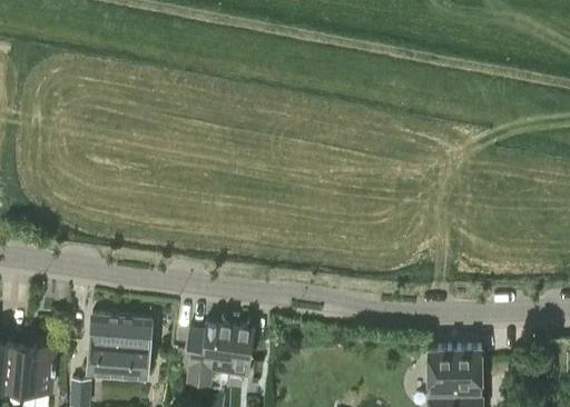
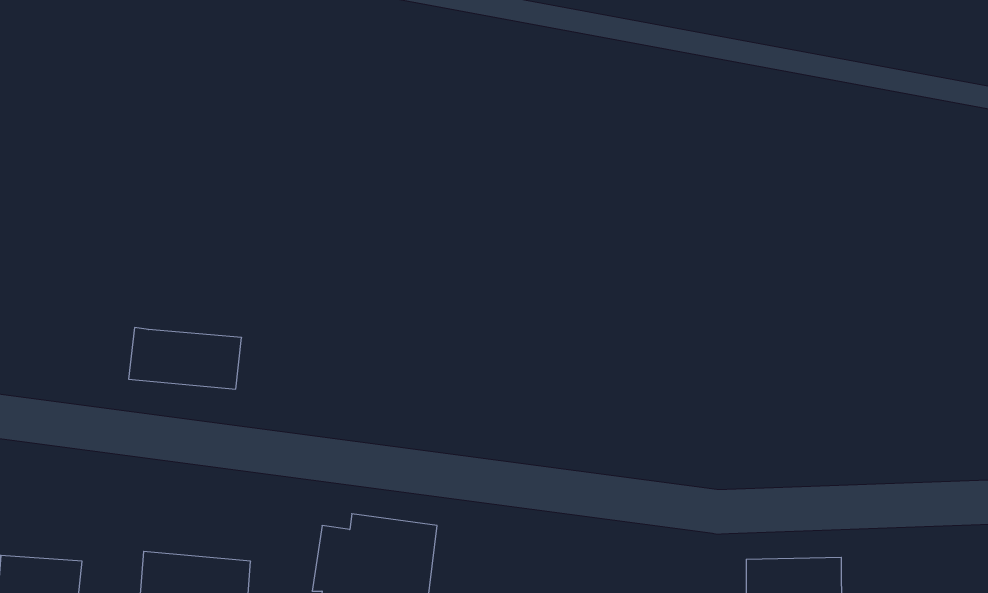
building: [89,317,153,351] -> [129,328,242,389]

